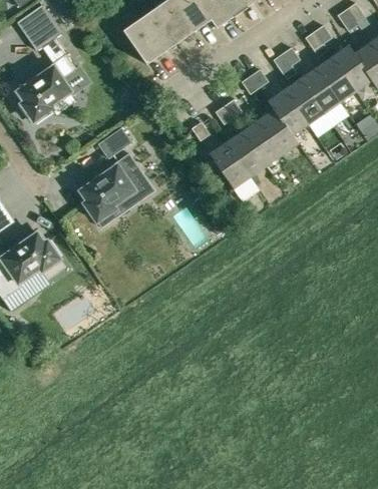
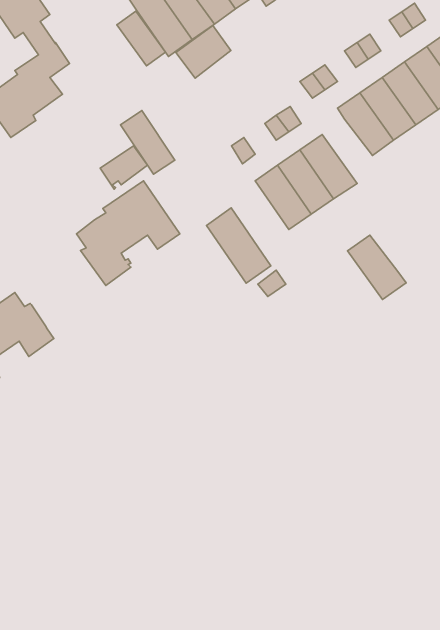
building: none -> [117,11,166,66]
building: none -> [176,26,231,78]
building: none -> [120,111,175,174]
building: [257,109,299,155] -> [347,235,406,300]
building: none -> [206,208,271,283]

